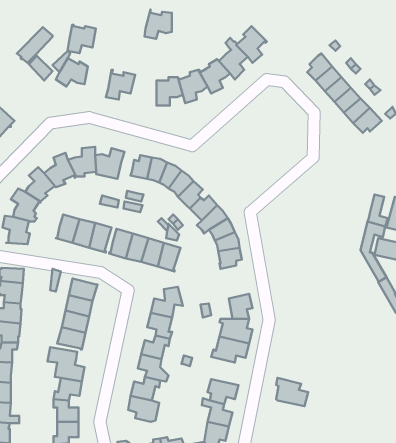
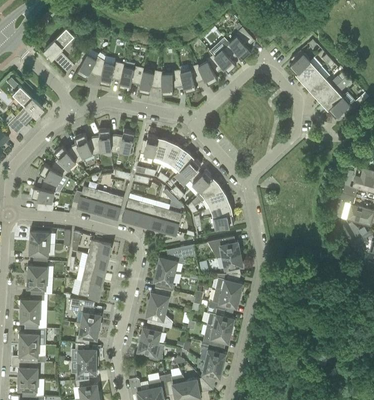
building: [144,9,172,39] -> [139,68,162,93]
building: [68,25,96,53] -> [100,61,124,85]
building: none -> [207,237,240,258]
building: [276,378,308,406] -> [207,306,234,330]

